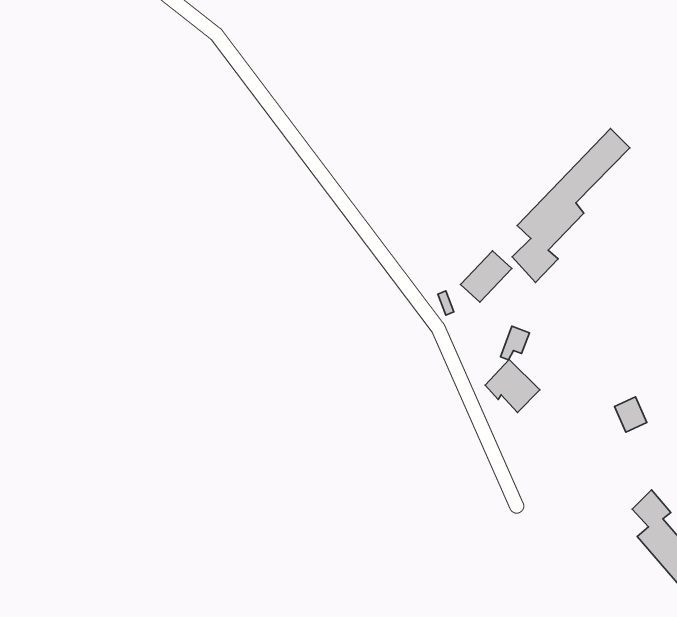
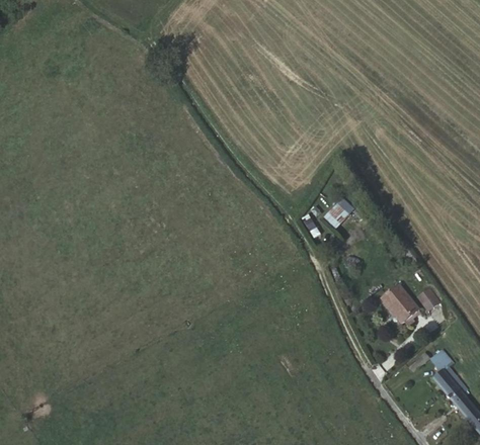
building: [512,128,630,282] -> none
building: [485,359,540,412] -> [385,287,419,321]

